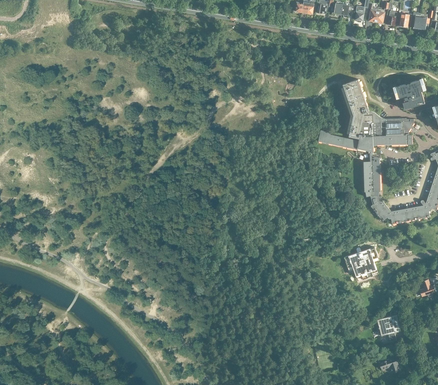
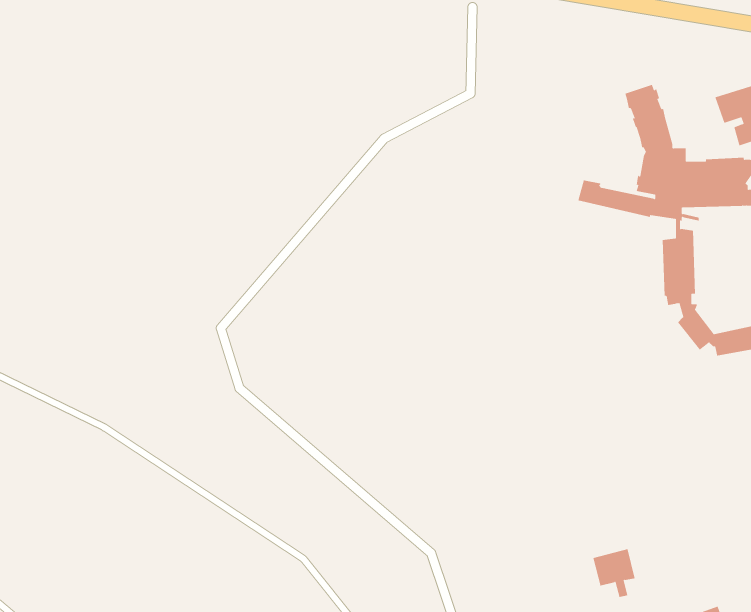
building: [343,247,381,279] -> none
building: [376,315,399,341] -> [592,549,636,597]

